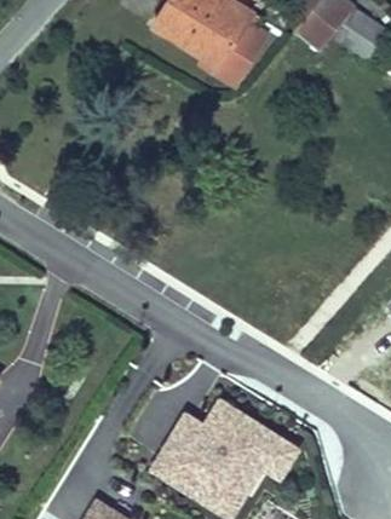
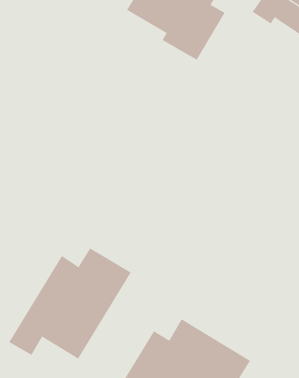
building: none -> [9,247,131,360]

